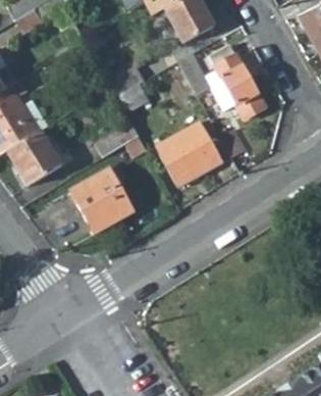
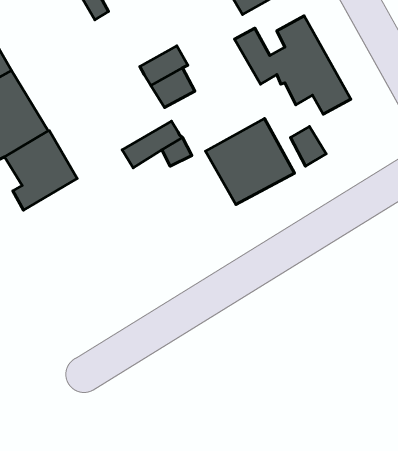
building: [69,167,131,233] -> none

